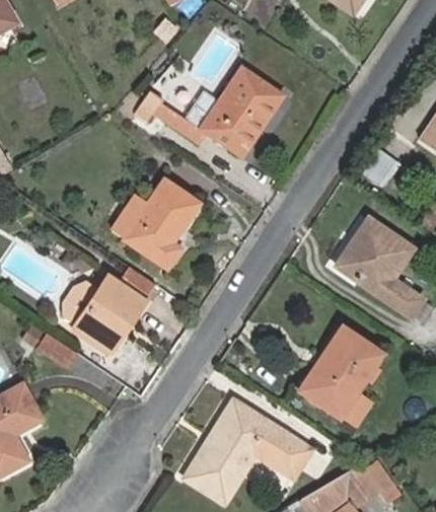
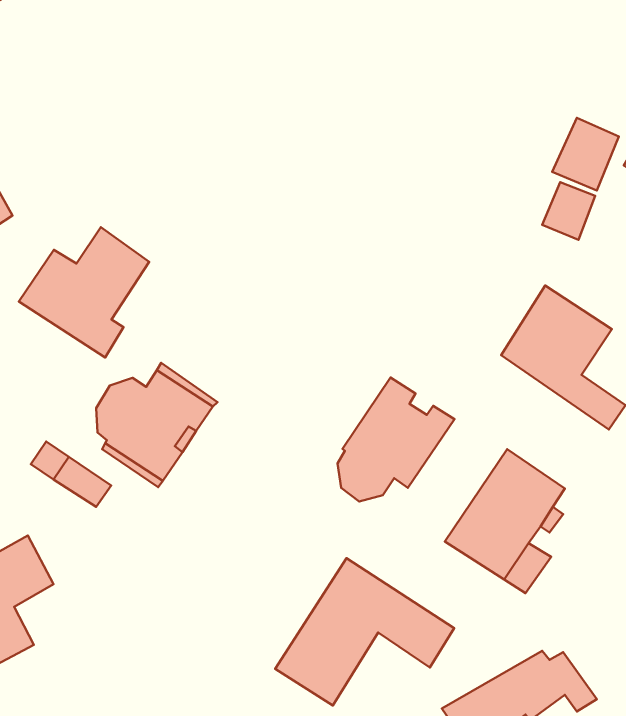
building: [136,68,285,158] -> none
building: none -> [552,118,619,191]
building: [111,180,198,268] -> [19,227,149,358]
building: none -> [337,378,454,502]

